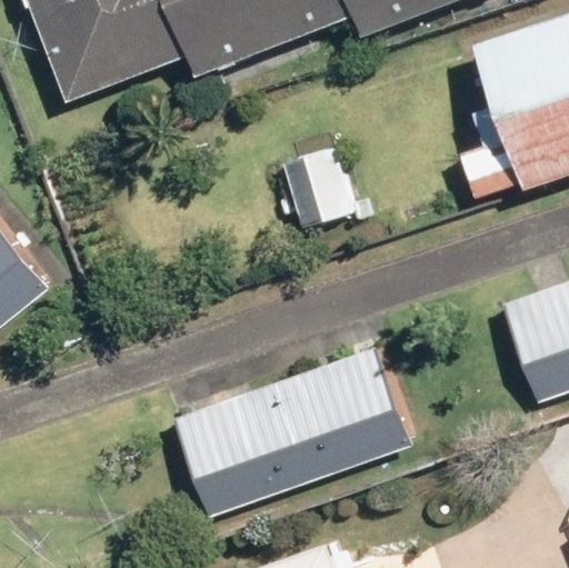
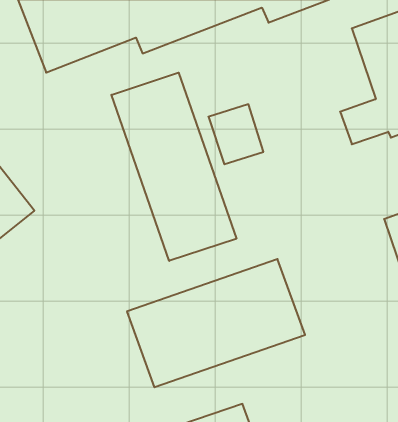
building: none -> [111,73,236,261]

